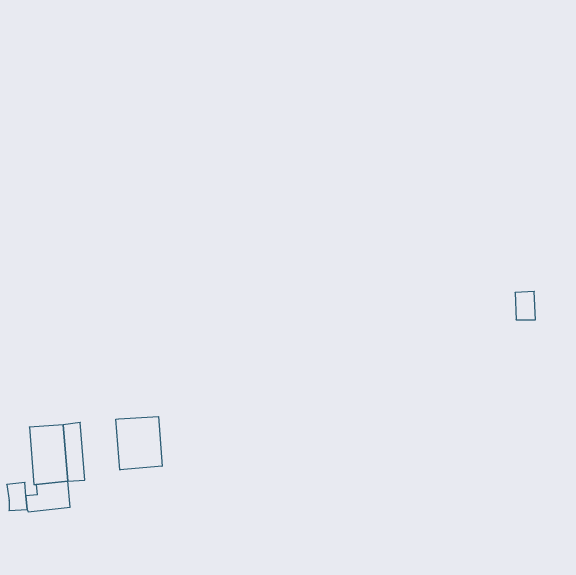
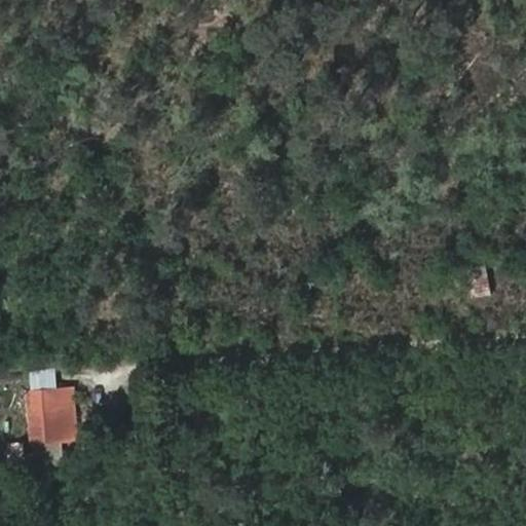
building: [116,417,162,470] -> none

